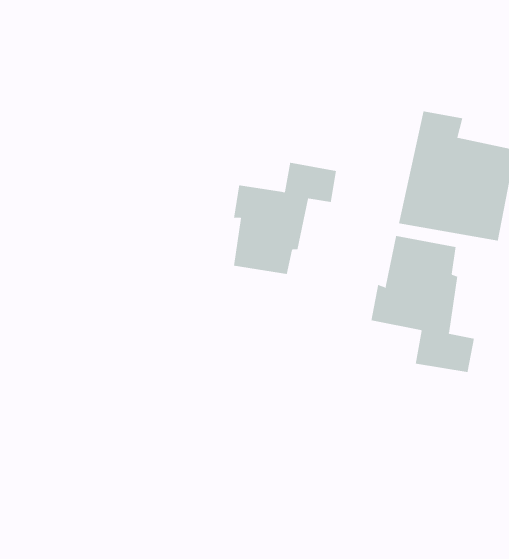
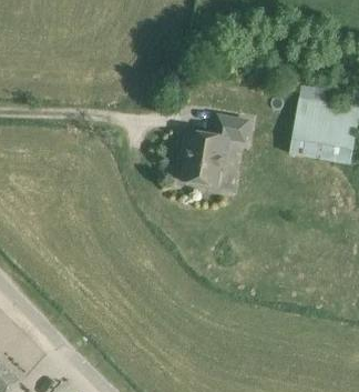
building: [371,235,474,373] -> none

